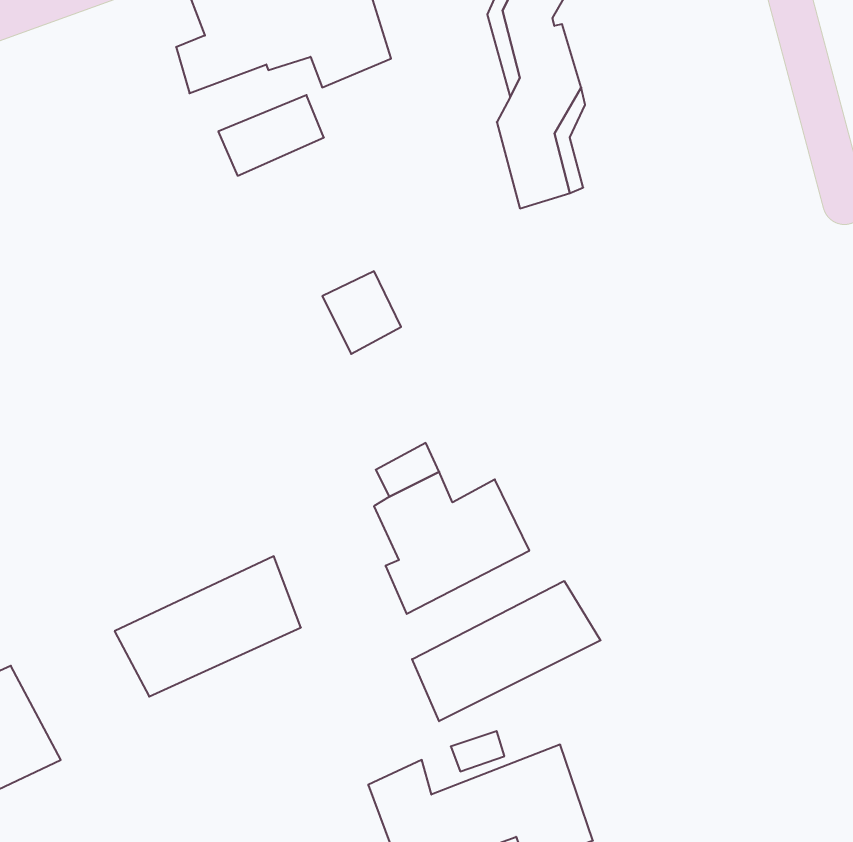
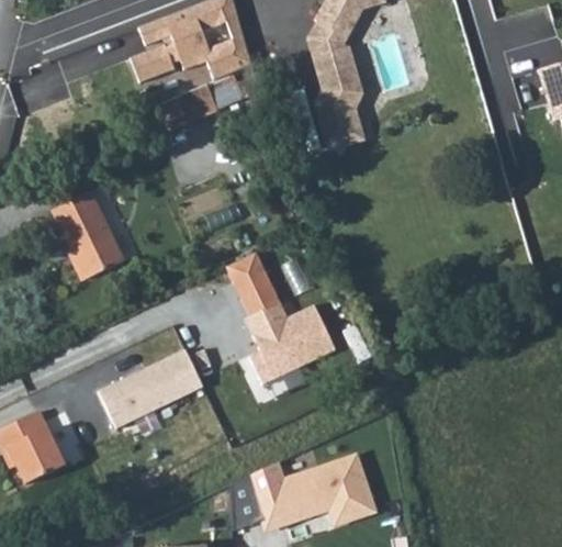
building: [322,271,401,354] -> [228,252,273,299]
building: none -> [52,191,123,279]
building: [412,581,601,721] -> none

